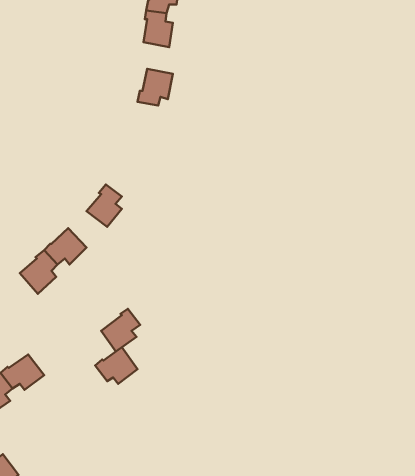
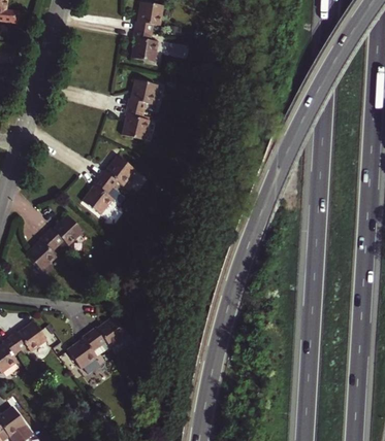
building: none -> [121,108,148,140]
building: none -> [99,157,135,189]
building: [101,309,140,351] -> [67,332,100,368]

